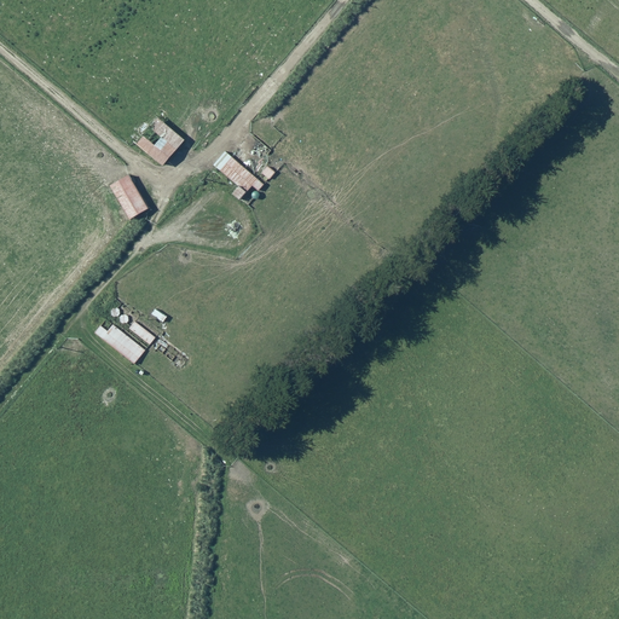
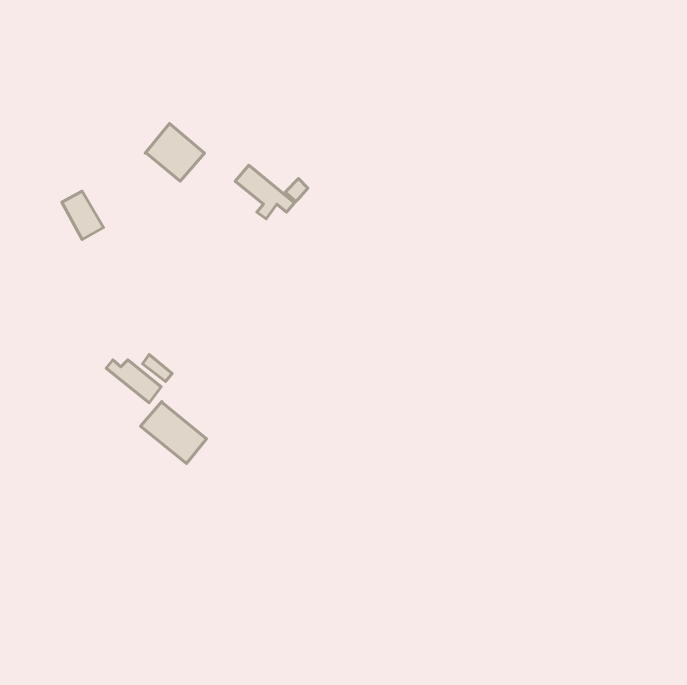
building: [111,174,149,218] -> [62,191,104,240]
building: none -> [141,401,206,464]

